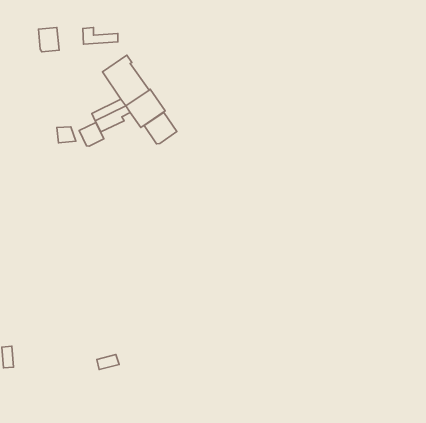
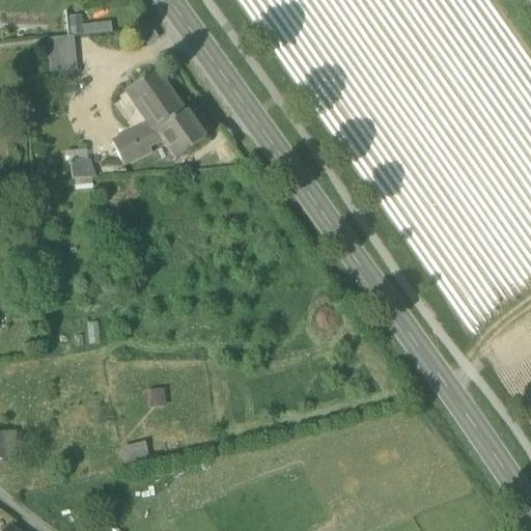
building: [83,28,118,44] -> [67,10,111,31]
building: [144,112,177,144] -> none
building: [79,123,104,146] -> none

